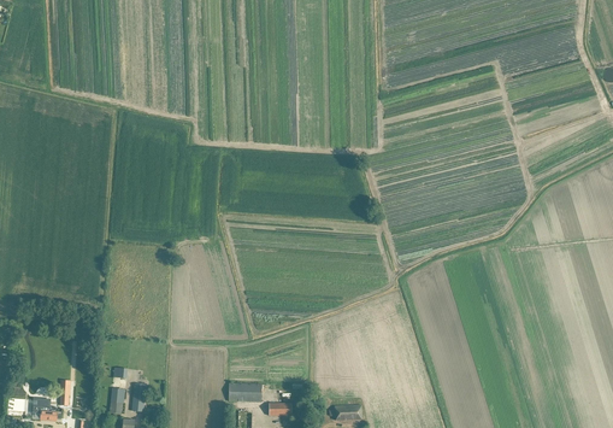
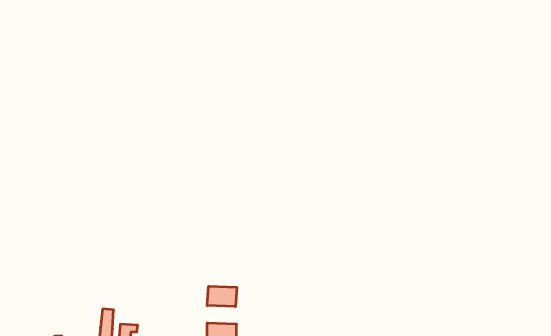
building: none -> [207,286,237,307]

